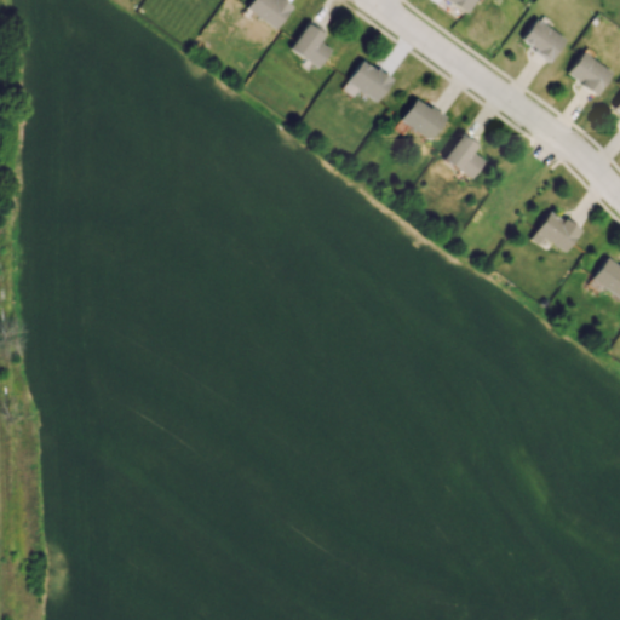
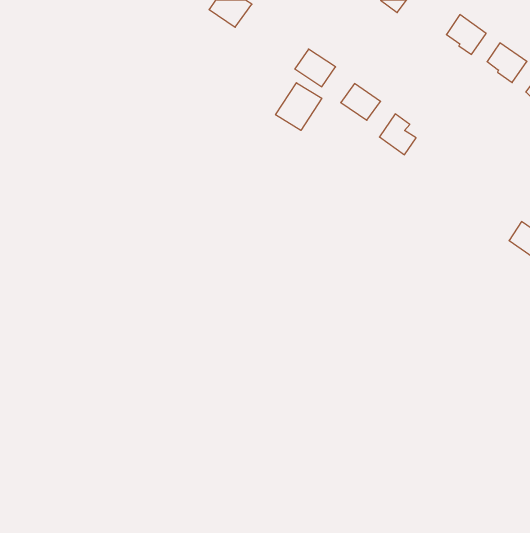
building: [291,23,333,69] -> none
building: none -> [276,83,322,130]
building: [532,212,582,252] -> none

